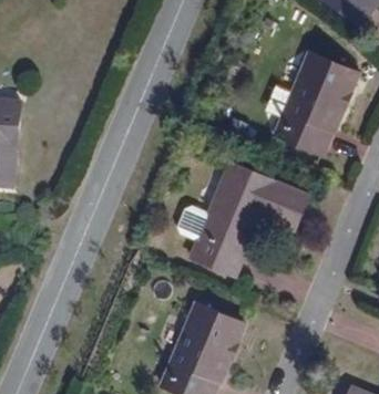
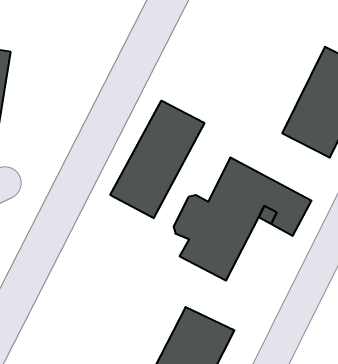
building: none -> [110,101,204,218]

